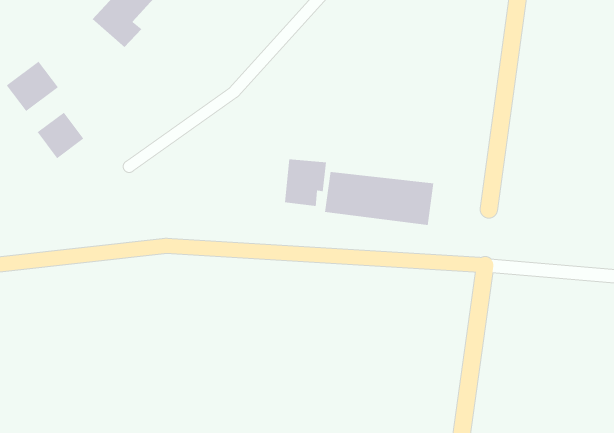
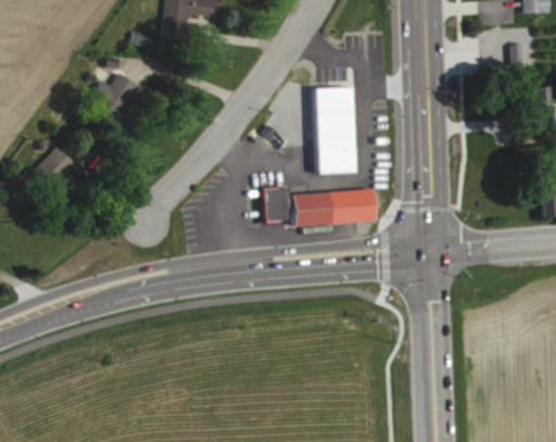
building: none -> [314,87,354,174]
building: [37,112,84,159] -> none

